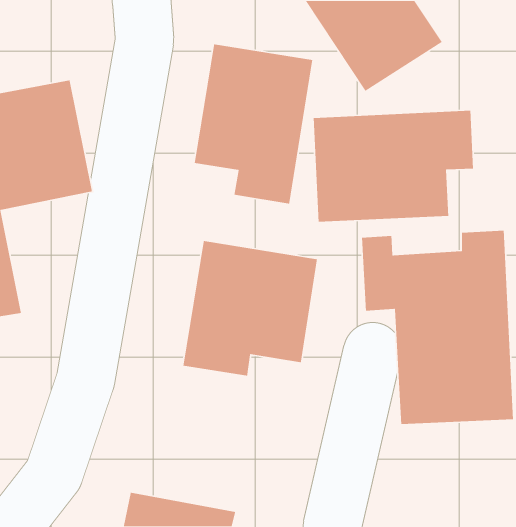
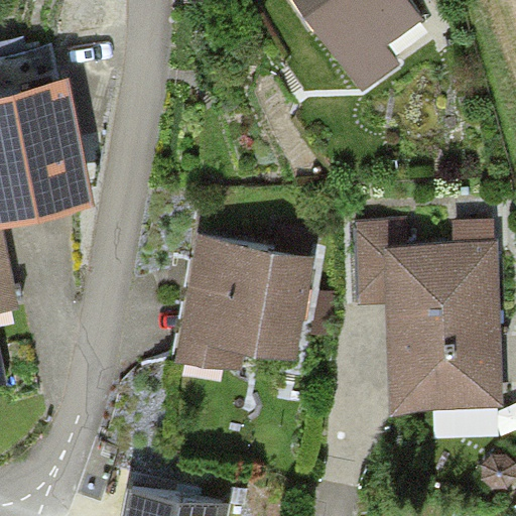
building: [194,44,313,205] -> none
building: [313,110,474,223] -> none

